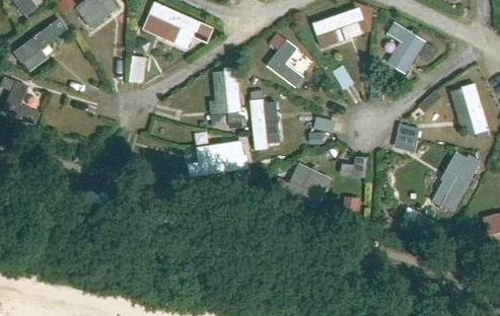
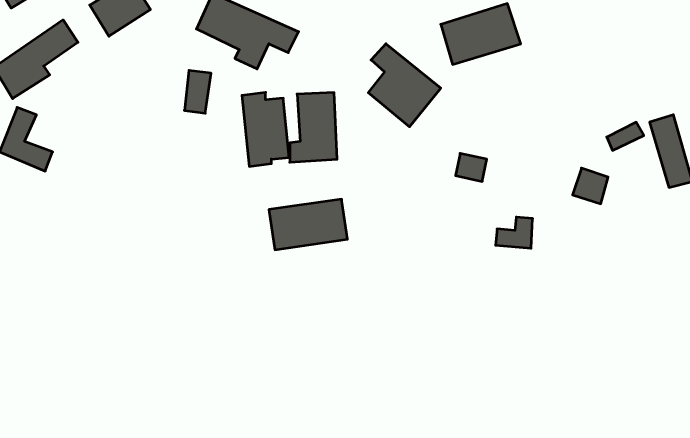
building: [381,20,429,83] -> none
building: [253,99,285,150] -> [242,92,289,166]
building: [427,158,471,213] -> none
building: [275,160,328,208] -> none

